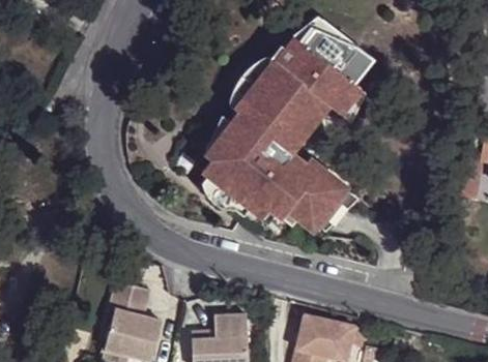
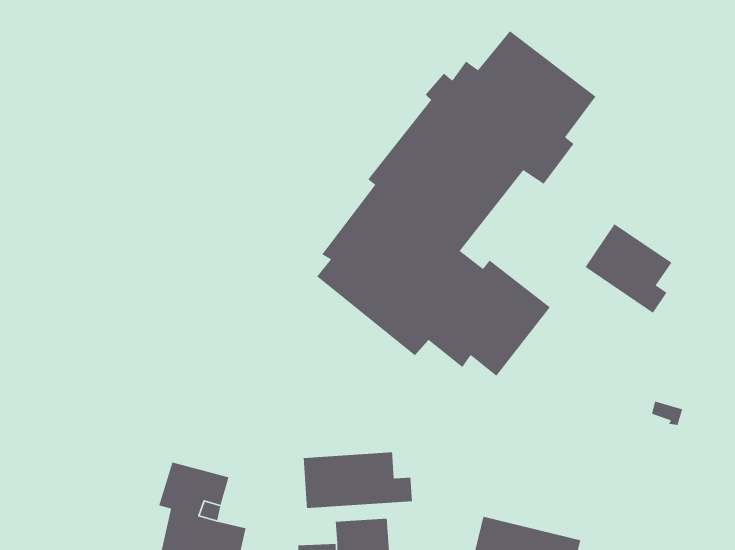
building: none -> [584,223,672,314]
building: none -> [303,451,413,509]

